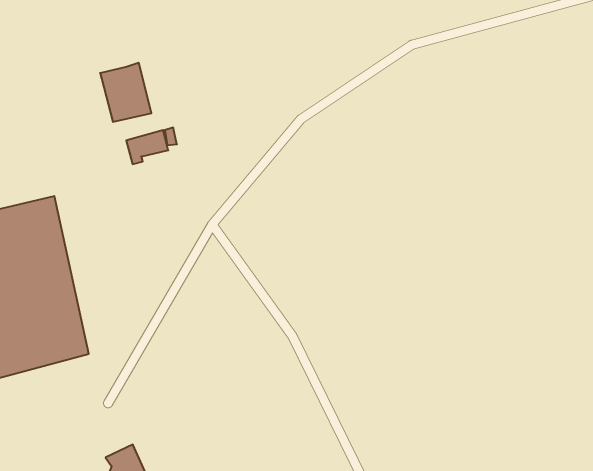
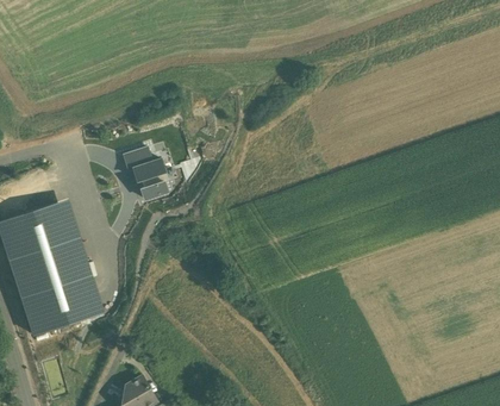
building: [100,63,151,122] -> [131,157,170,201]

